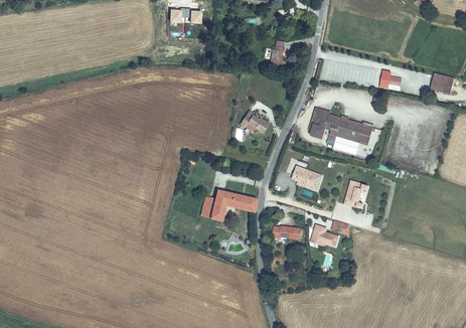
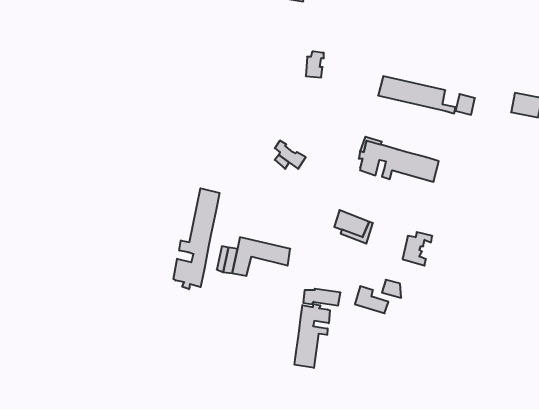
building: [168,7,200,22] -> none
building: none -> [174,188,220,289]
building: none -> [295,304,330,368]

